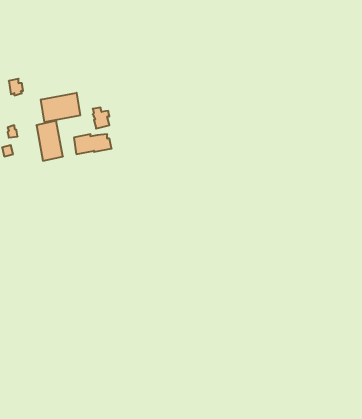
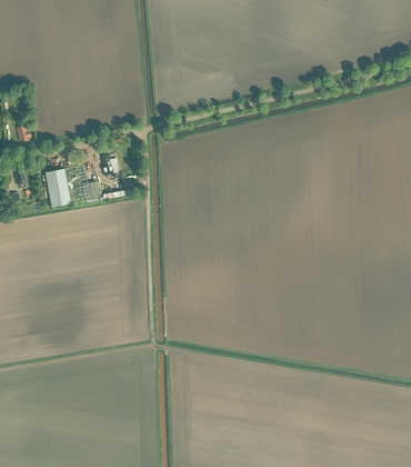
building: [41,93,80,122] -> none

